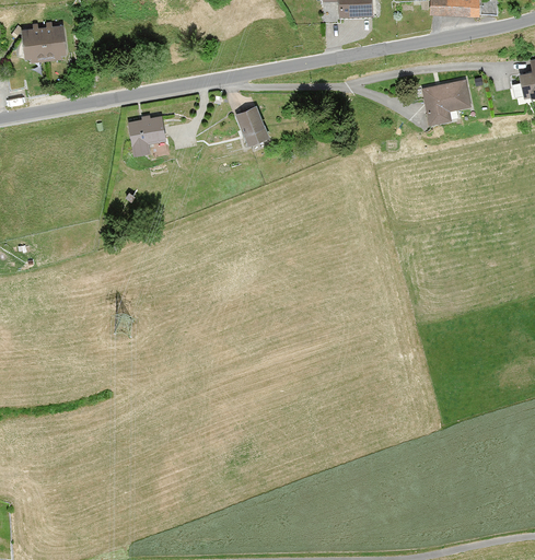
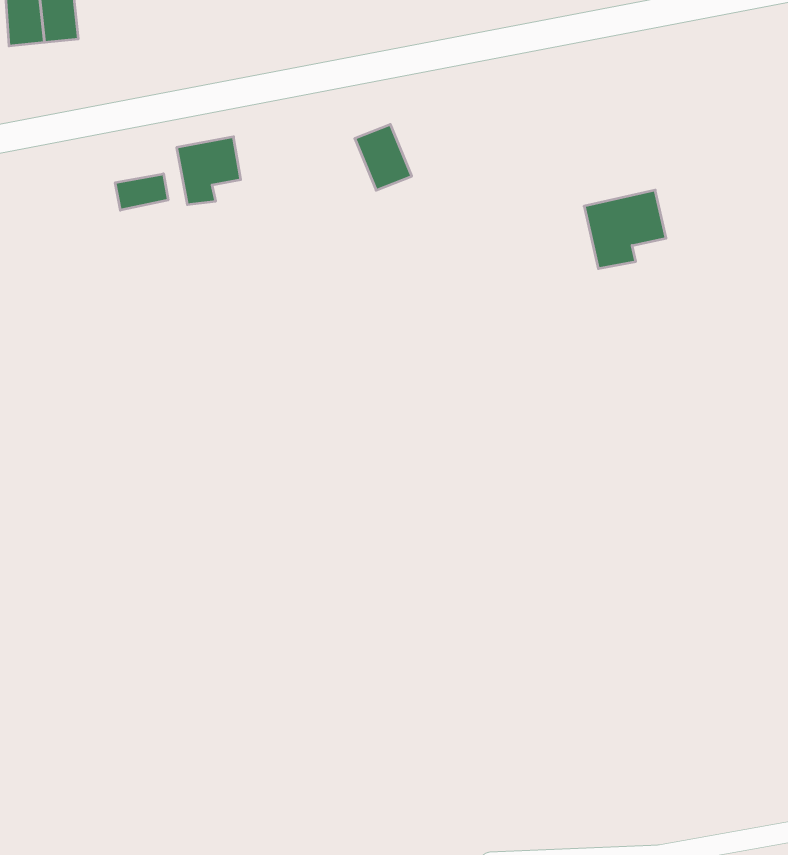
building: [421,79,472,127] -> [584,190,666,269]
building: none -> [115,174,168,210]

